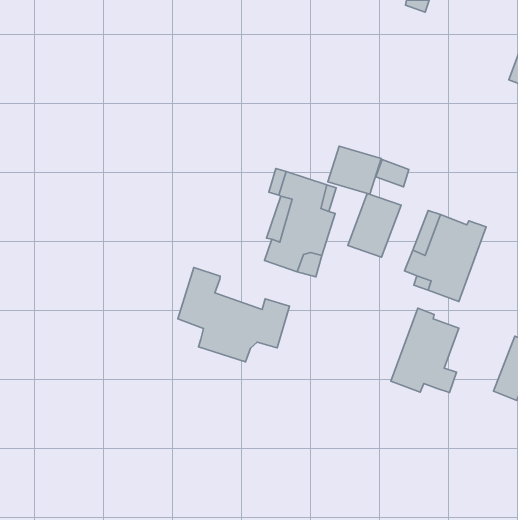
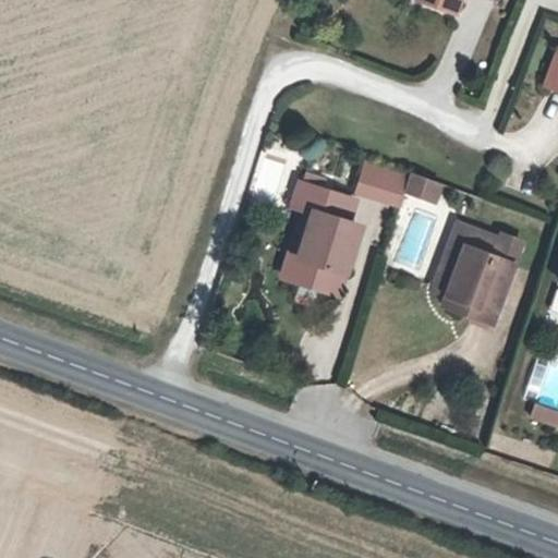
building: [348,193,401,257] -> none
building: [178,268,289,362] -> none
building: [391,308,459,393] -> none

